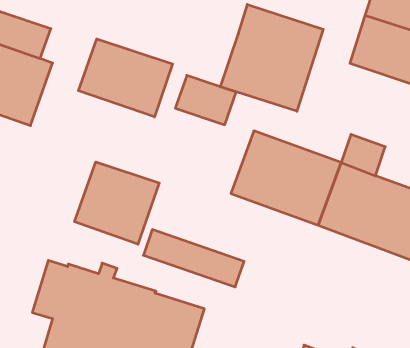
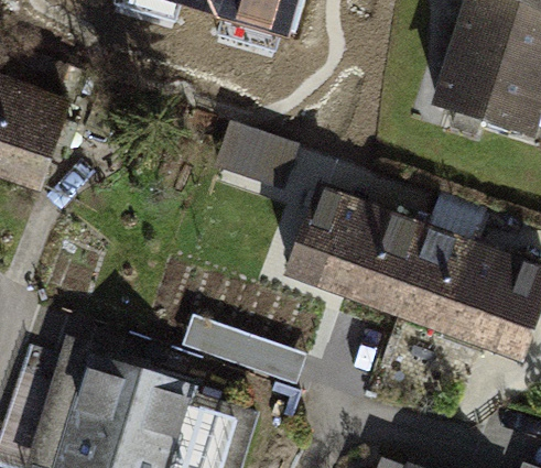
building: [220,4,323,111] -> none
building: [78,39,173,117] -> none
building: [75,162,159,244] -> none

